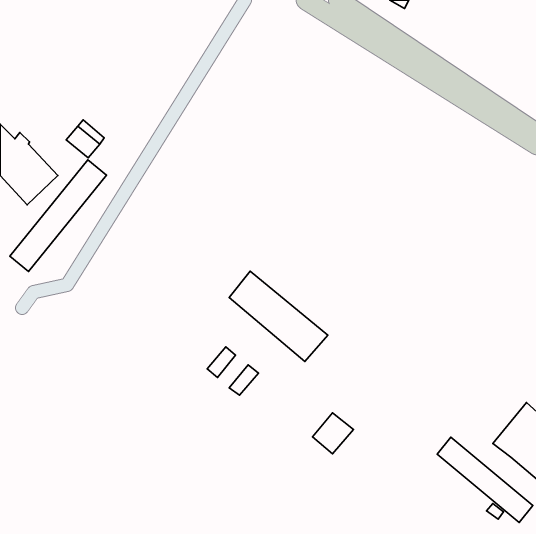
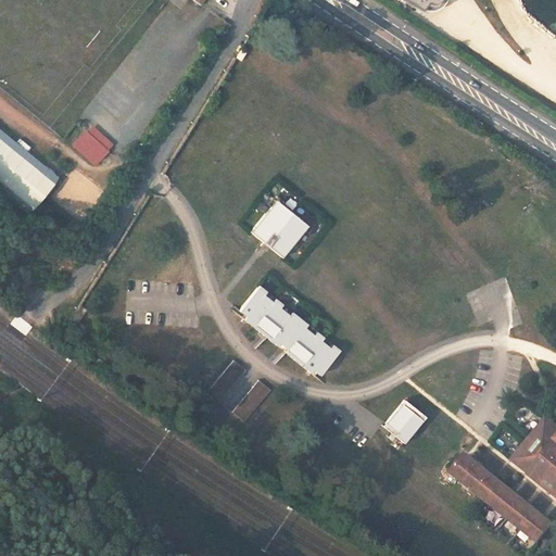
building: [10,160,107,272] -> none
building: none -> [252,199,309,255]
building: [313,413,354,454] -> [382,402,425,444]

